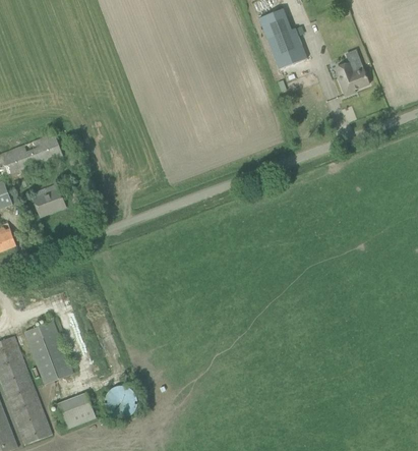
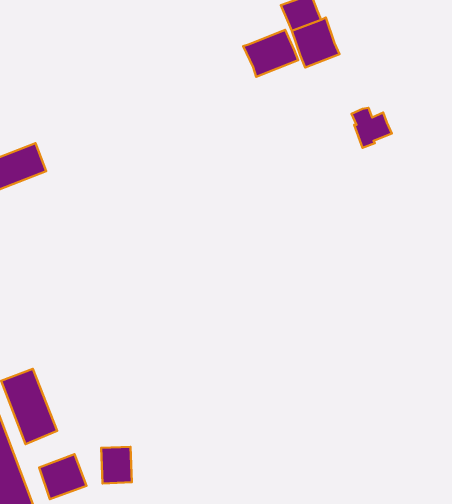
building: none -> [243,30,298,77]
building: [335,62,368,96] -> [352,108,392,148]
building: [33,182,64,216] -> none

